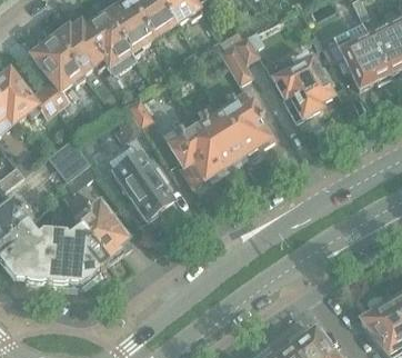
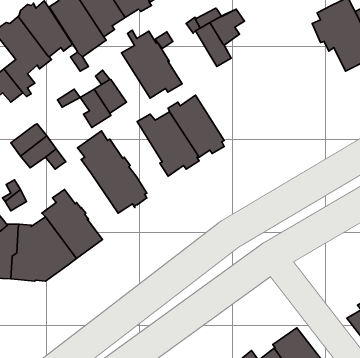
building: [273,51,332,121] -> none
building: [219,89,275,152] -> [122,30,182,98]

